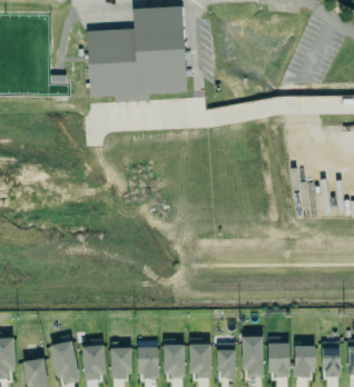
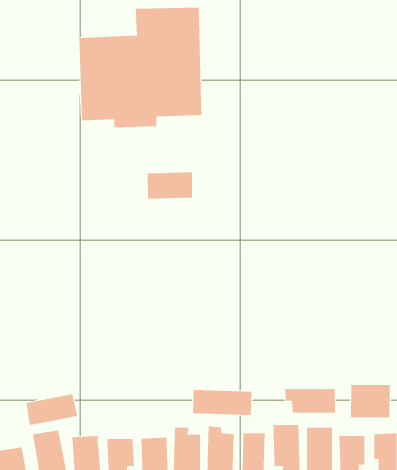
building: none -> [147,172,193,199]
building: none -> [350,384,390,418]
building: none -> [285,388,336,414]
building: none -> [192,389,252,416]
building: none -> [26,393,78,426]

